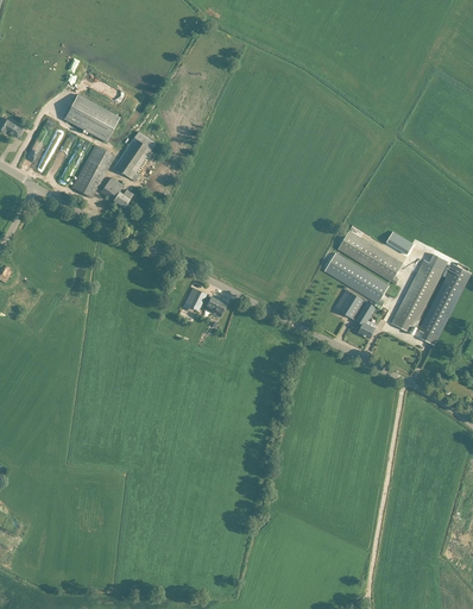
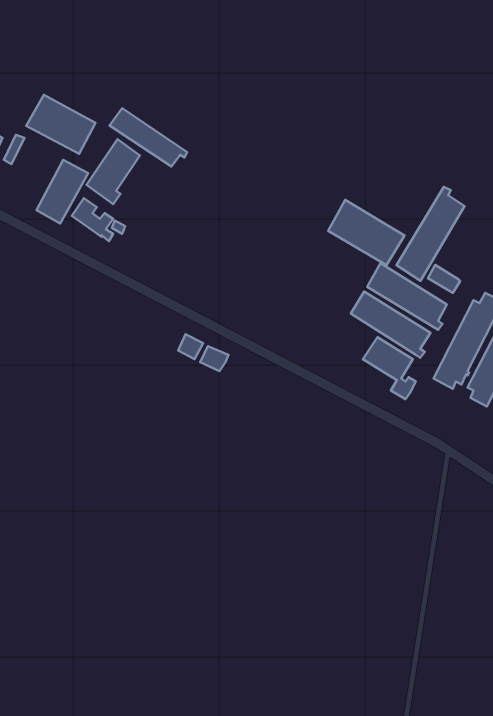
building: none -> [110,108,187,167]
building: none -> [396,187,464,281]
building: none -> [328,200,404,265]

